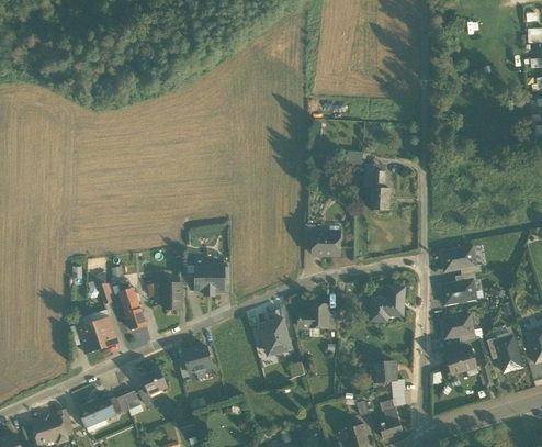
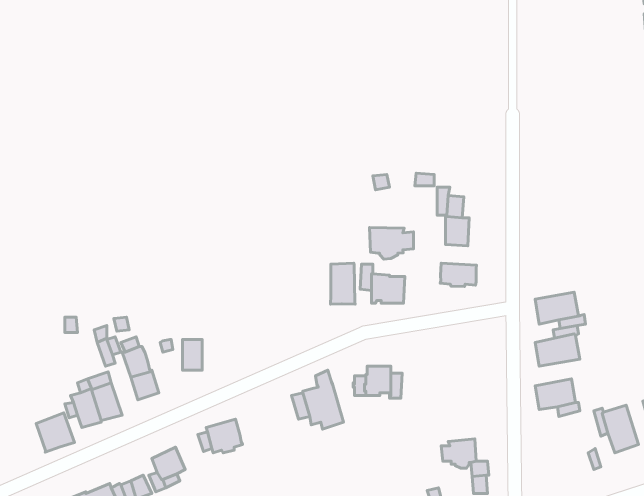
building: none -> [370,228,414,259]
building: none -> [330,263,355,304]
building: none -> [440,263,477,287]
building: [195,265,224,295] -> none
building: [371,287,404,321] -> none
building: none -> [36,413,75,452]
building: [444,346,476,375] -> none

